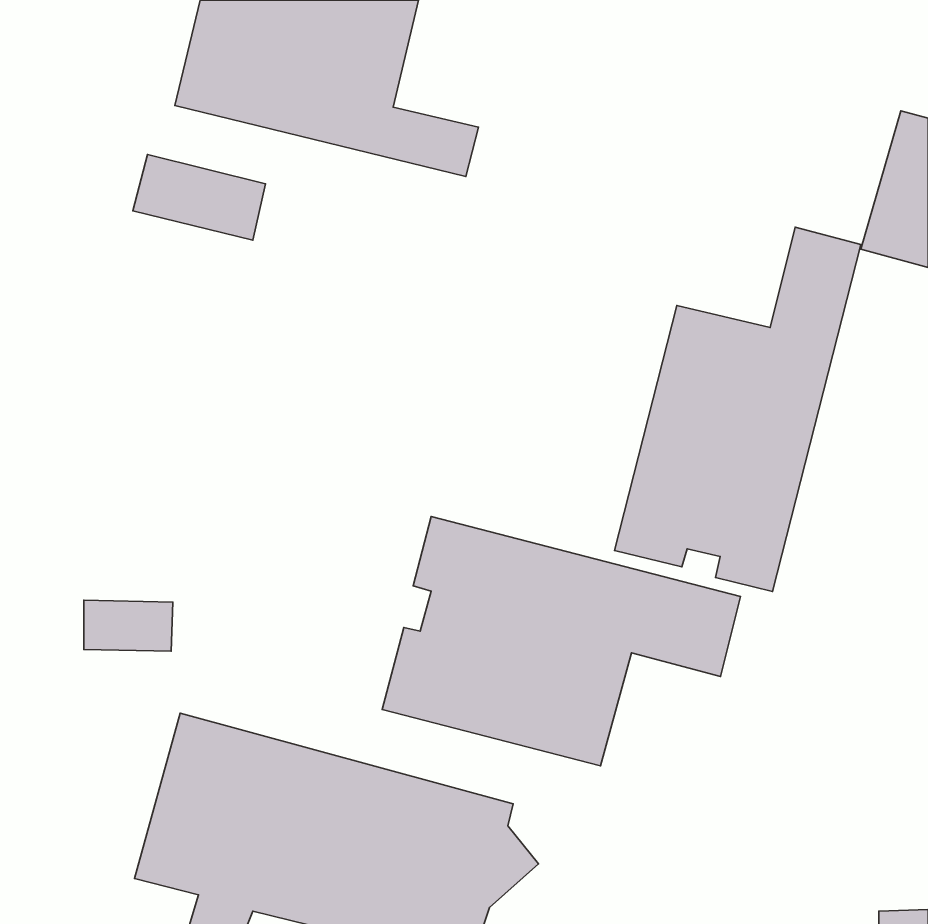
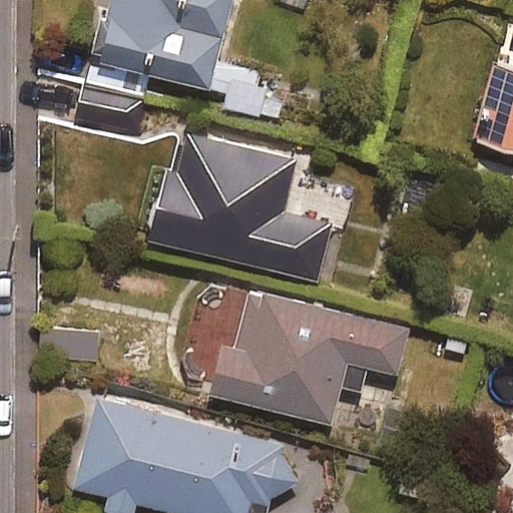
building: [614,227,861,592] -> none
building: none -> [147,132,331,282]

